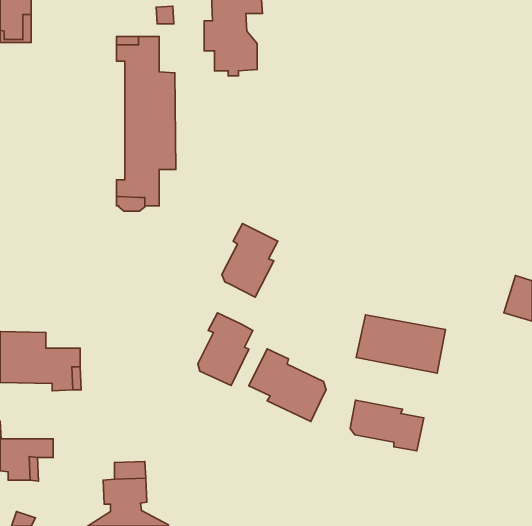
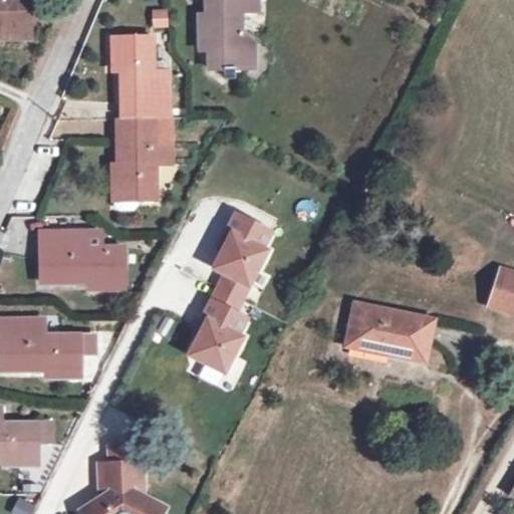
building: none -> [41,230,125,288]
building: none -> [210,275,246,313]
building: [249,349,326,422] -> none
building: [350,400,424,451] -> none

